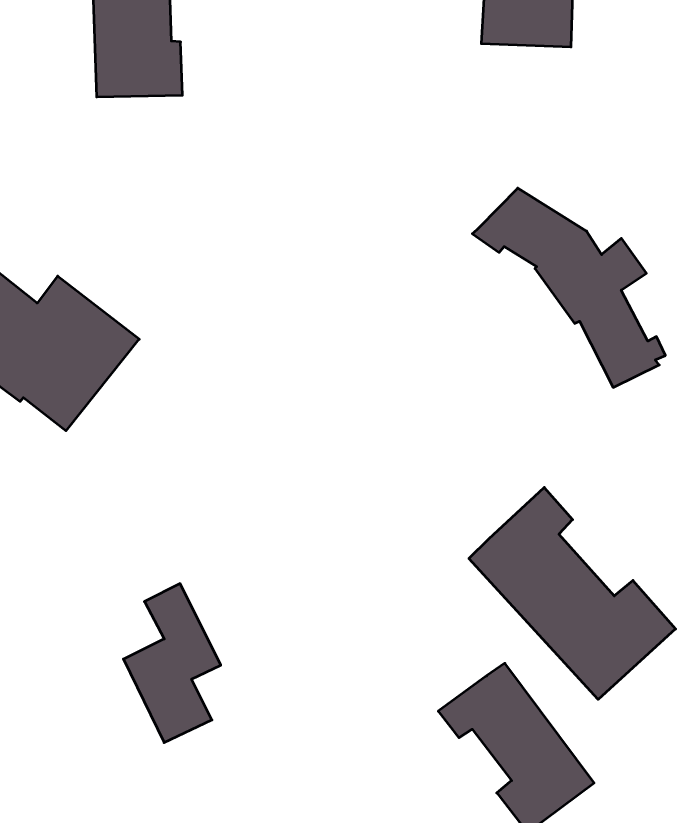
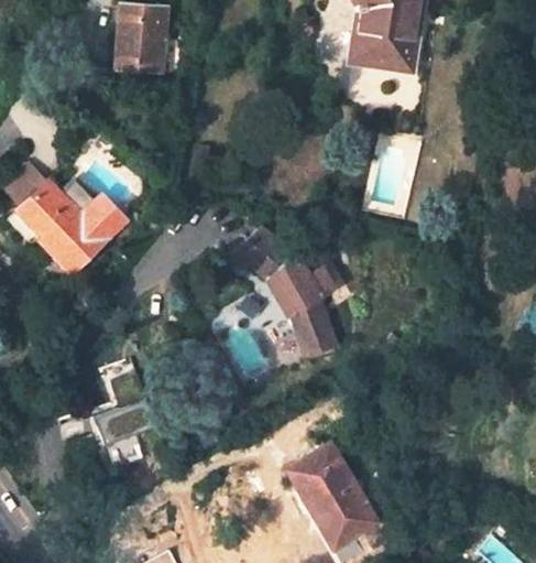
building: [472,188,665,387] -> [230,230,341,359]
building: [469,487,676,699] -> none

